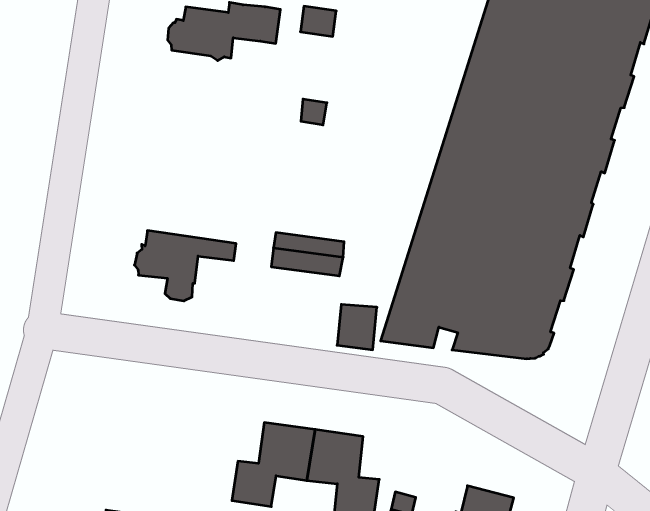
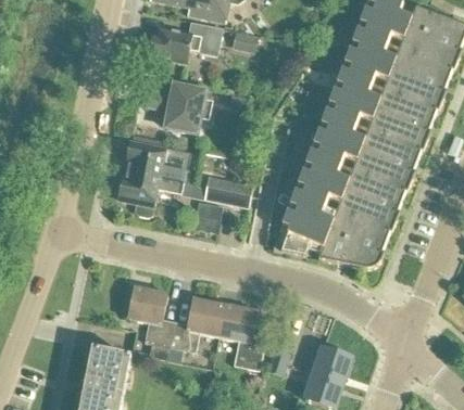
building: none -> [138,84,213,132]
building: none -> [125,140,185,180]
building: [337,304,377,350] -> [195,201,222,231]
building: none -> [128,284,175,345]

